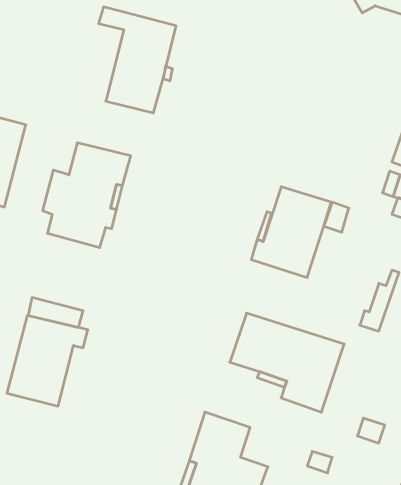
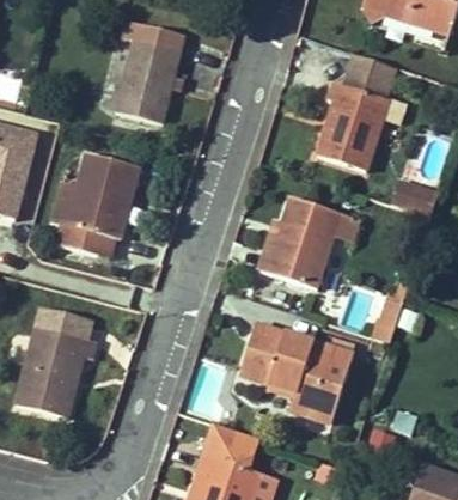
building: none -> [318,53,396,170]

